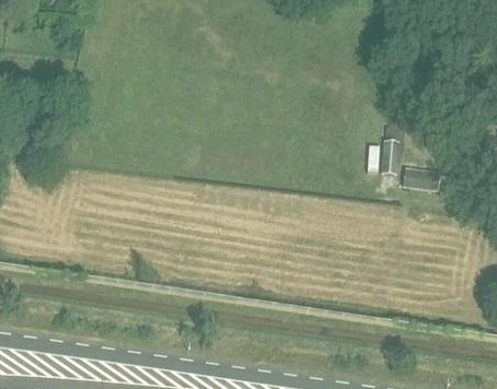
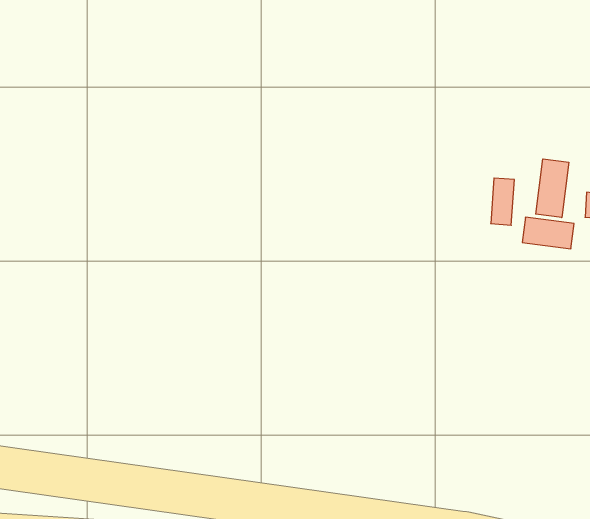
building: none -> [536,159,569,218]

